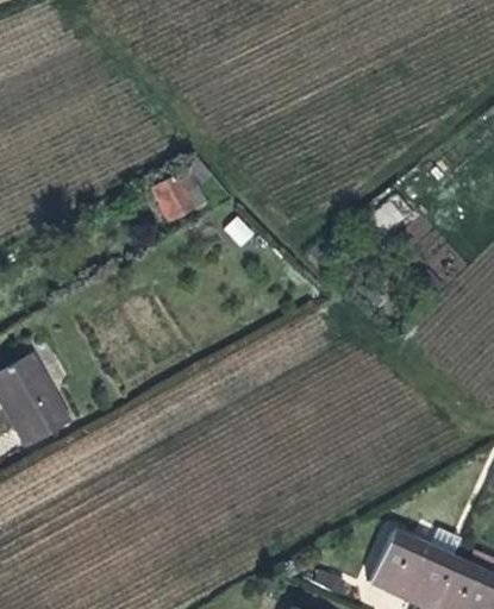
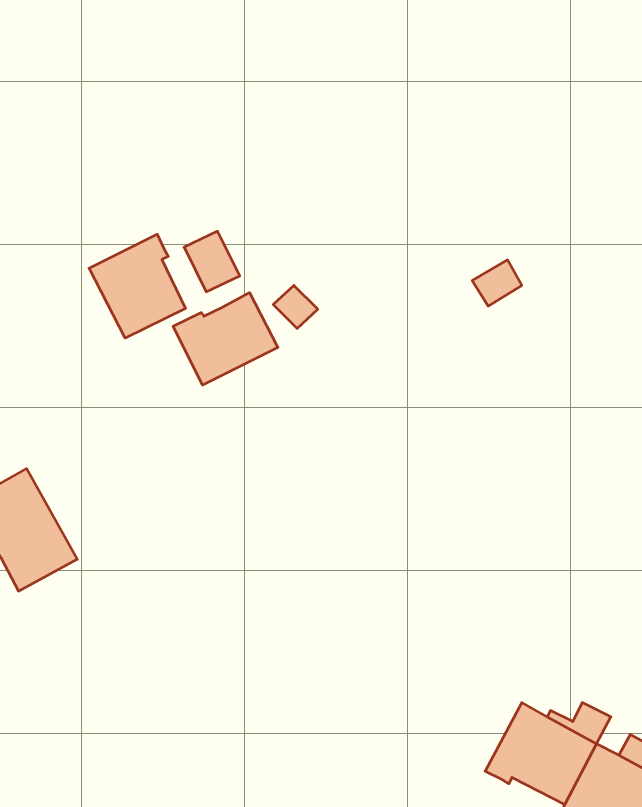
building: none -> [89,234,185,338]
building: none -> [173,293,278,385]

